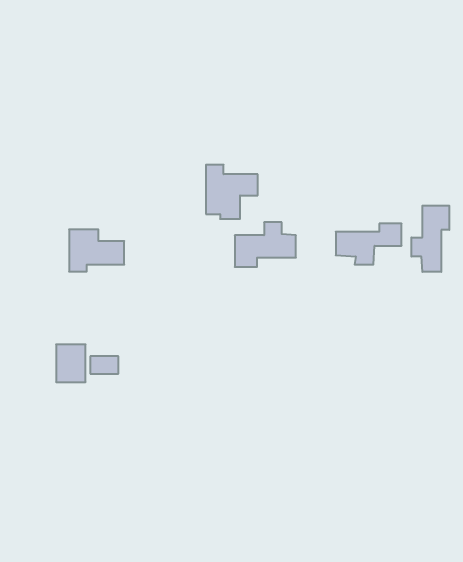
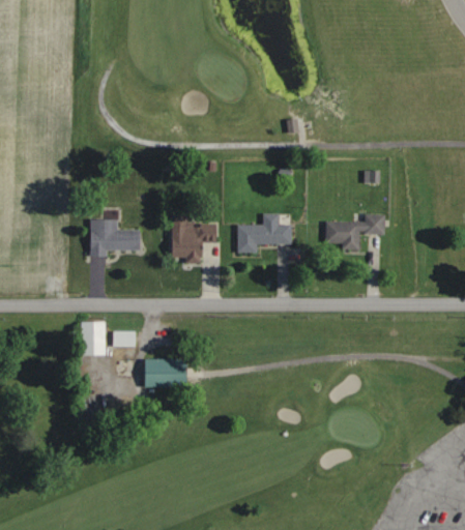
building: [206,165,258,219] -> [172,215,217,263]
building: [411,206,449,272] -> none
building: none -> [144,359,186,387]

